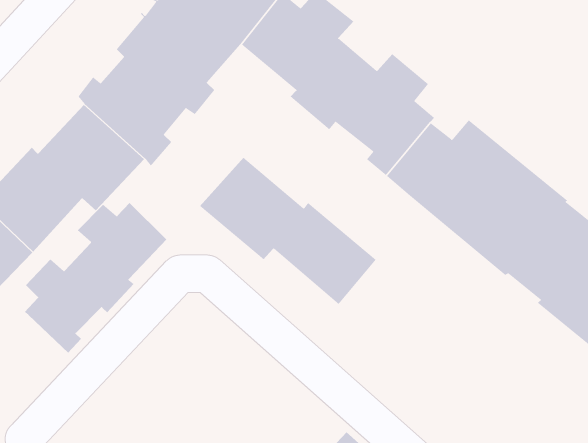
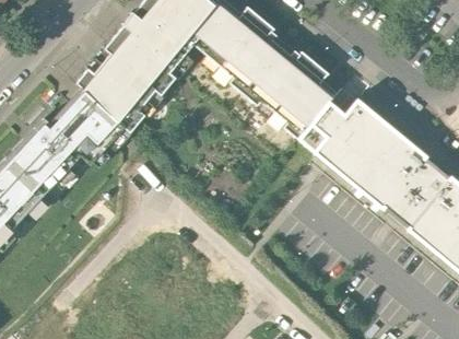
building: [199,157,376,305] -> none
building: [24,202,167,354] -> none

